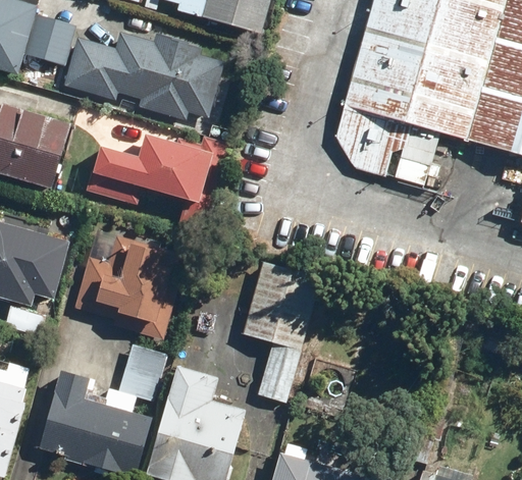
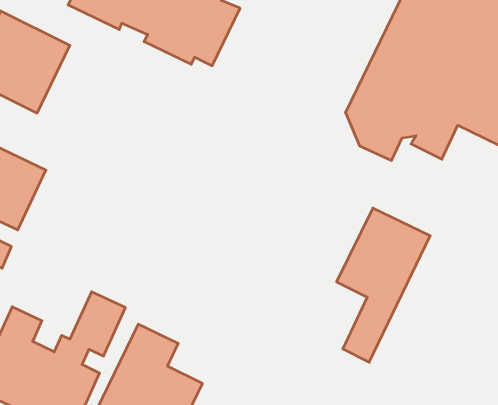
building: [88,134,229,228] -> none
building: [74,232,187,338] -> none
building: [242,259,320,401] -> [337,208,430,362]

